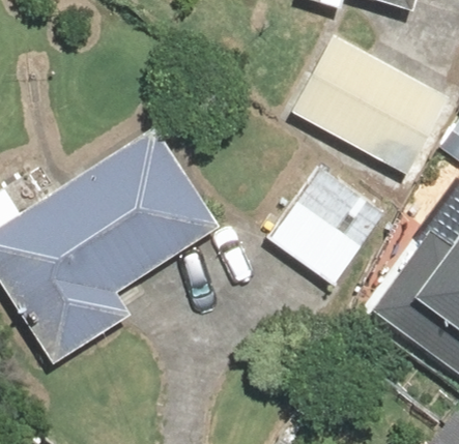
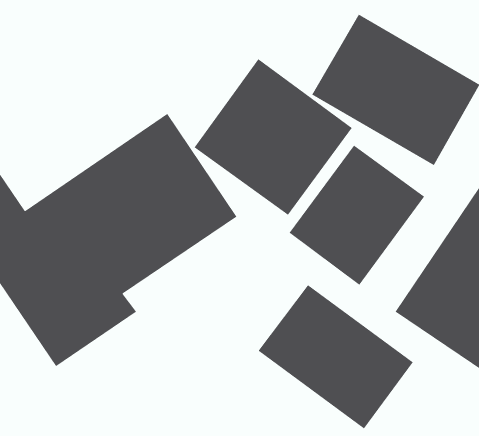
building: none -> [194,58,353,216]
building: none -> [258,284,414,430]

